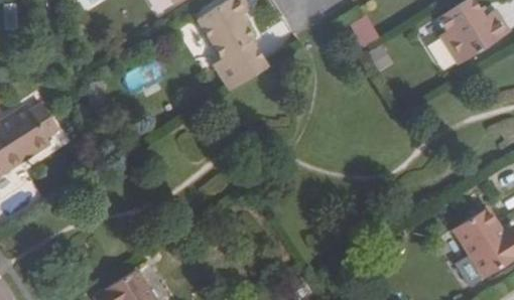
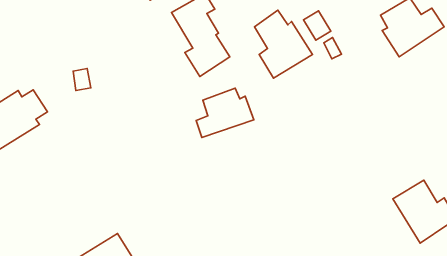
building: none -> [254,10,312,78]
building: none -> [196,88,254,137]

